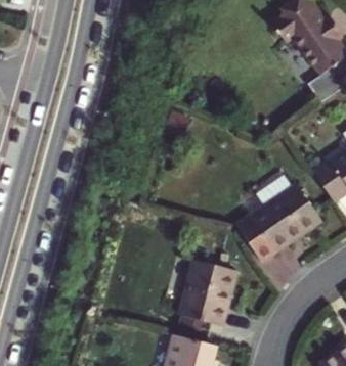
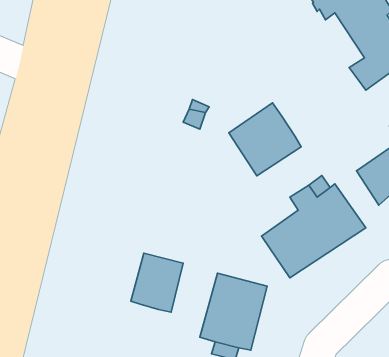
building: none -> [229,103,301,176]
building: none -> [131,253,183,312]

